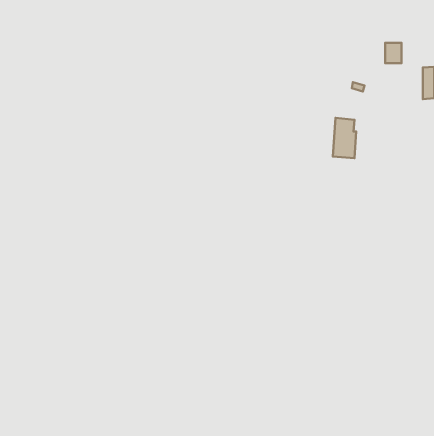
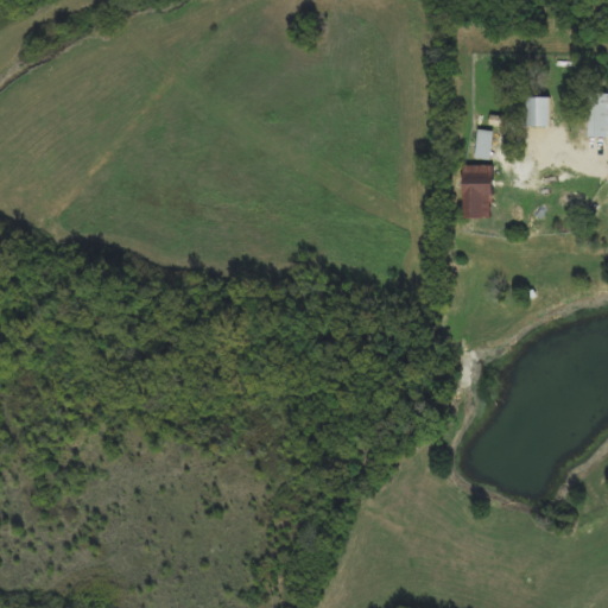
building: [385,43,401,63] -> [527,97,550,126]
building: none -> [475,129,492,159]

